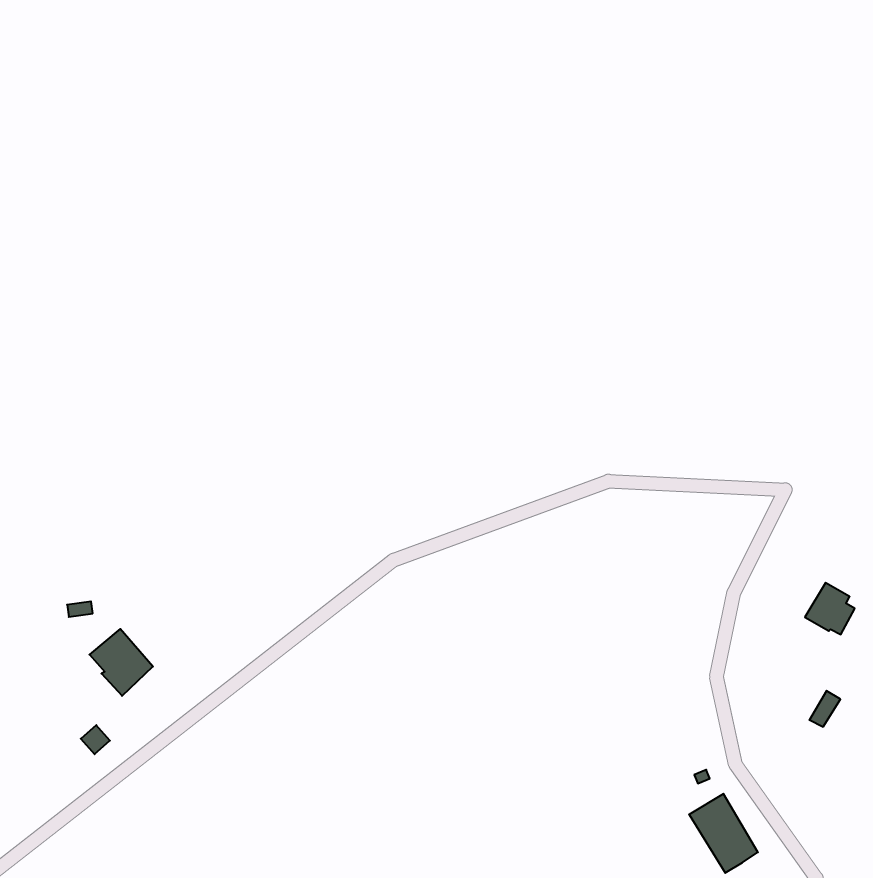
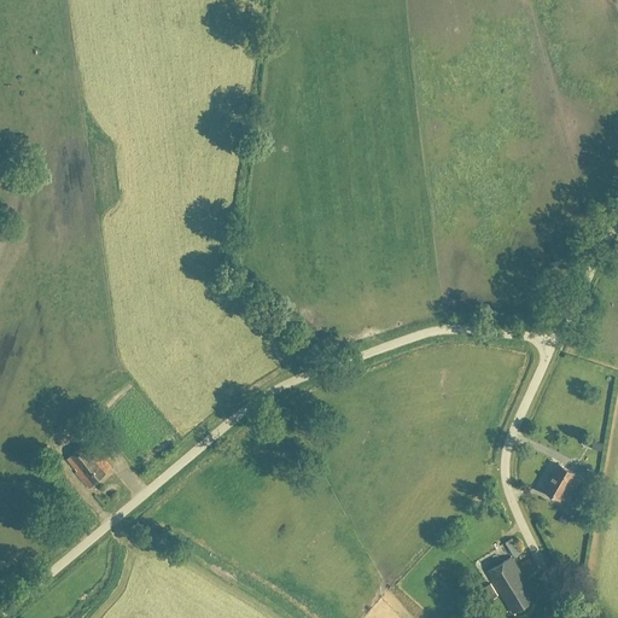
building: [805,583,855,634] -> [541,465,576,501]

